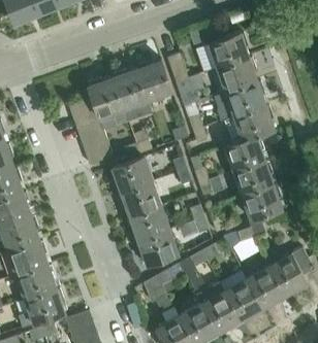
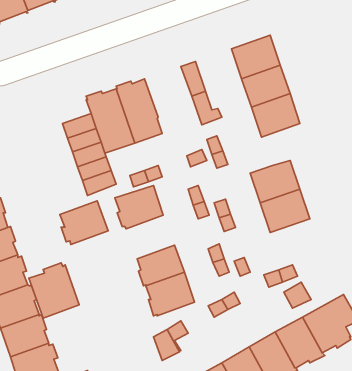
building: [136,60,172,100] -> none
building: [233,105,275,140] -> none
building: [121,181,161,217] -> [60,201,108,244]
building: [241,184,282,219] -> none
building: none -> [29,263,79,318]

